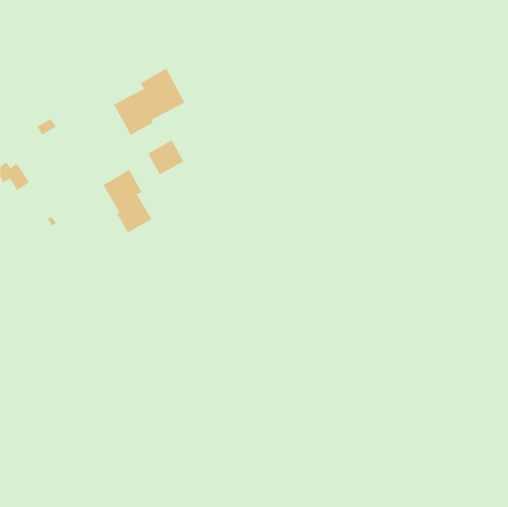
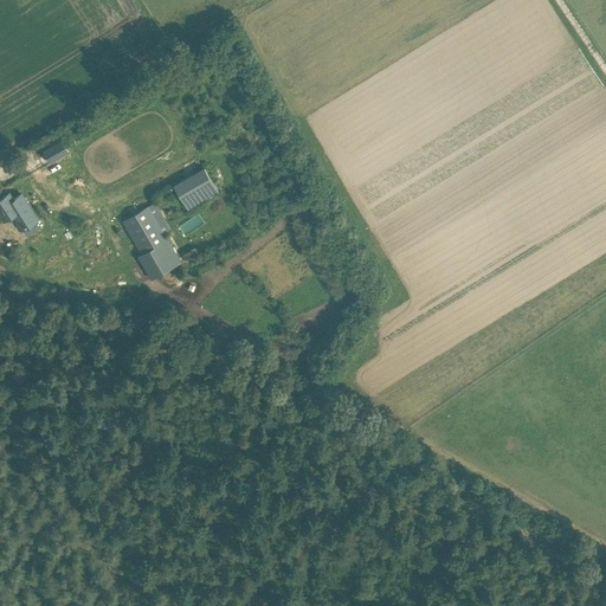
building: [113,68,185,135] -> none

